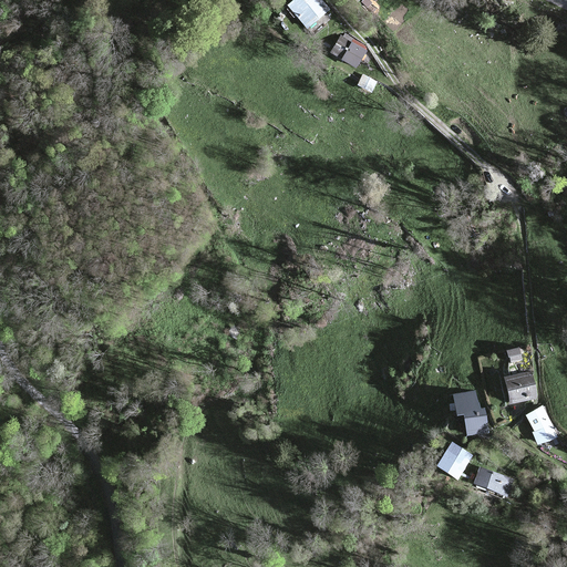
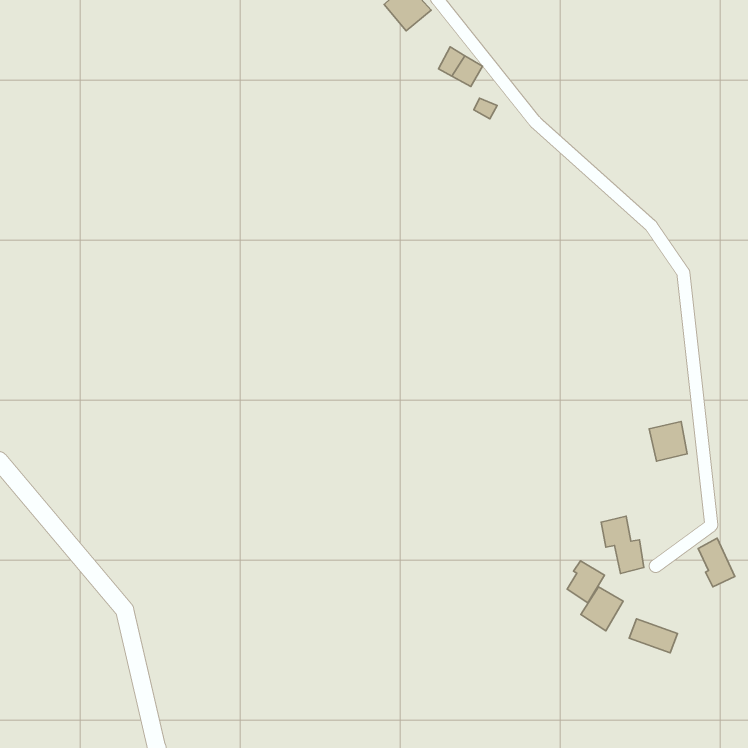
building: [506,371,535,401] -> [649,421,687,461]
building: none -> [567,561,604,603]

